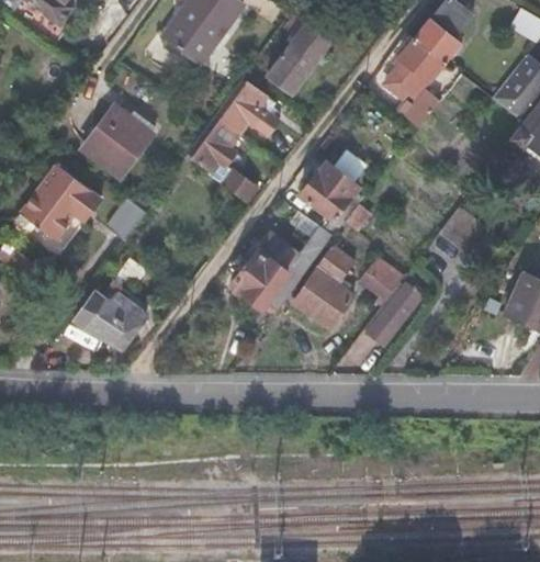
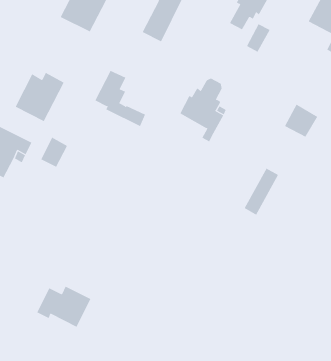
building: [217,85,279,136] -> none
building: [232,226,335,307] -> none
building: [294,248,357,330] -> none
building: [357,258,401,302] -> none
building: [71,291,147,350] -> [37,286,91,327]

